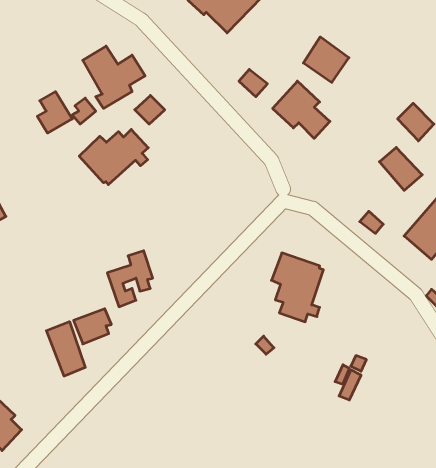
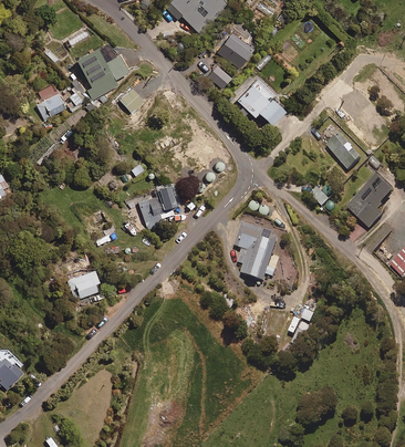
building: [303,37,349,82] -> [215,29,253,67]
building: [79,129,148,185] -> none
building: [107,251,153,307] -> [137,181,176,229]
building: [46,322,85,376] -> none

